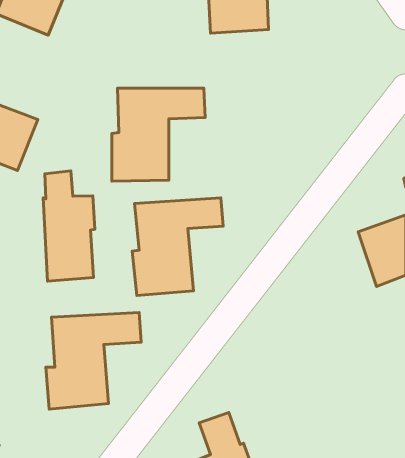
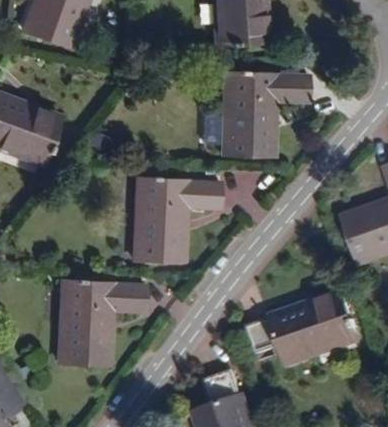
building: [112,88,205,181] -> [221,72,304,155]
building: [43,171,95,281] -> none
building: none -> [247,292,356,363]

